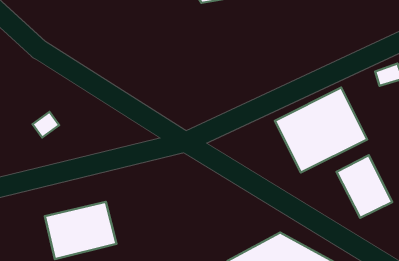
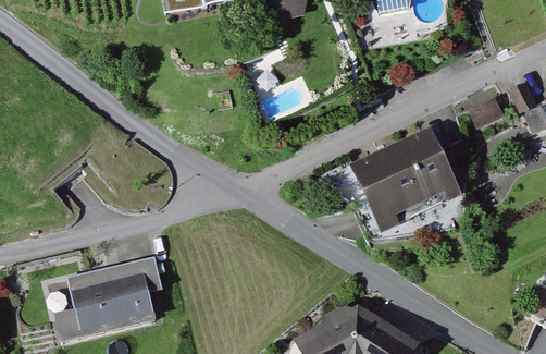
building: [337,155,392,218] -> none

